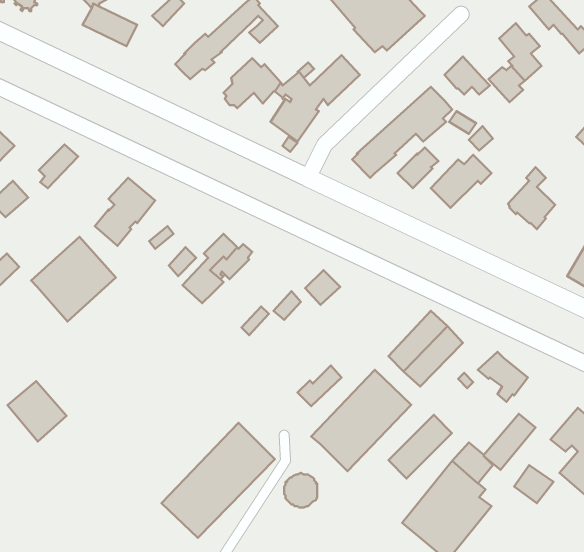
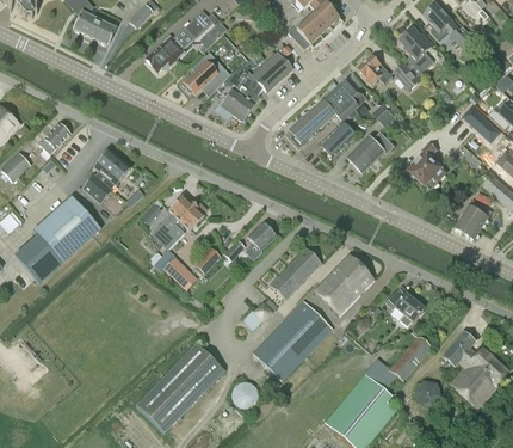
building: none -> [153,250,197,291]
building: [8,381,67,442] -> [14,235,61,283]
building: [388,415,452,478] -> [270,248,320,299]

